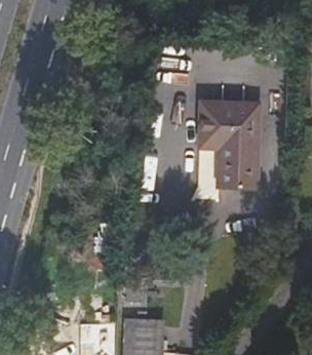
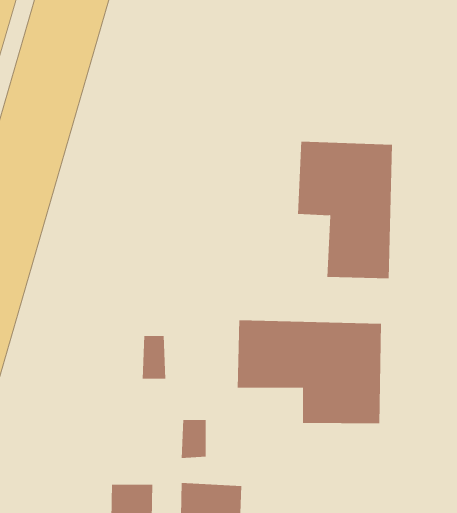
building: none -> [237,319,381,424]

